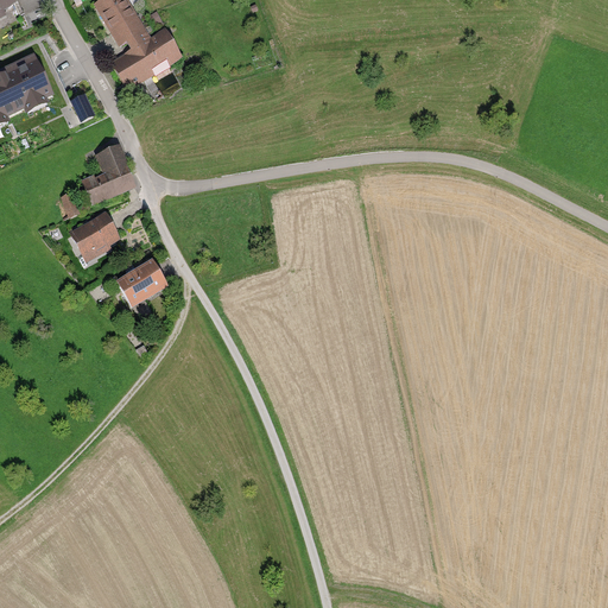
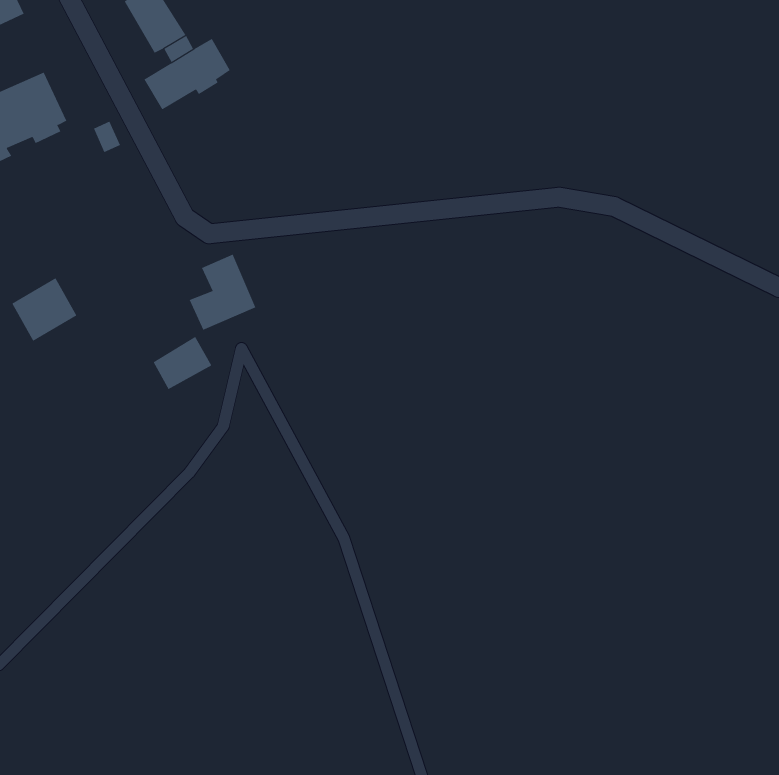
building: [80,144,132,203] -> [189,254,256,330]
building: [66,210,118,260] -> [11,277,77,342]

